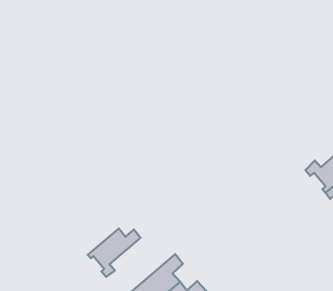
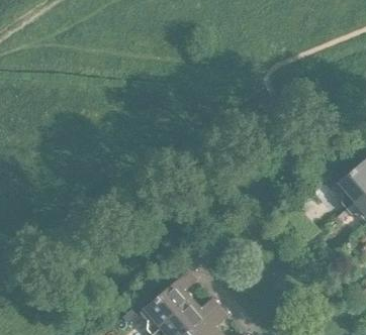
building: [88,228,141,277] -> none

